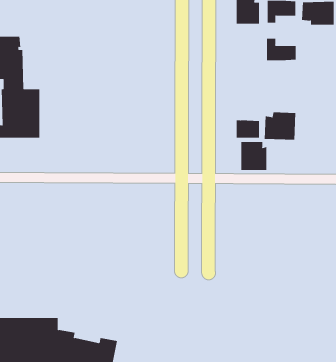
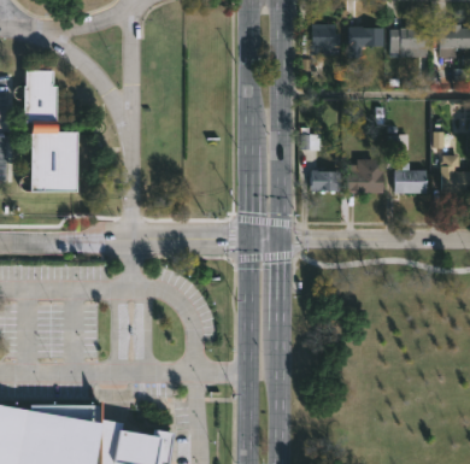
building: [267,38,296,61] -> none
building: none -> [394,163,425,194]
building: [241,141,267,171] -> none

